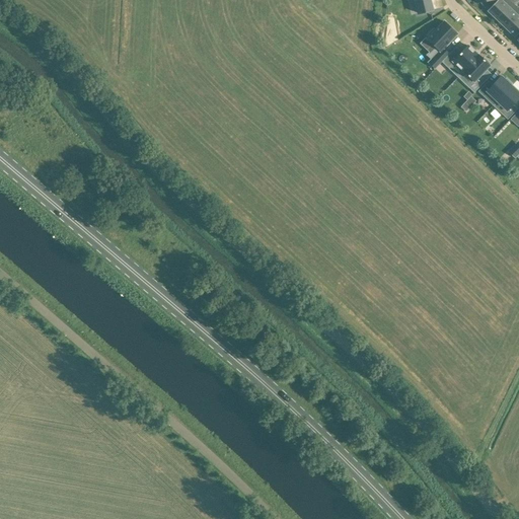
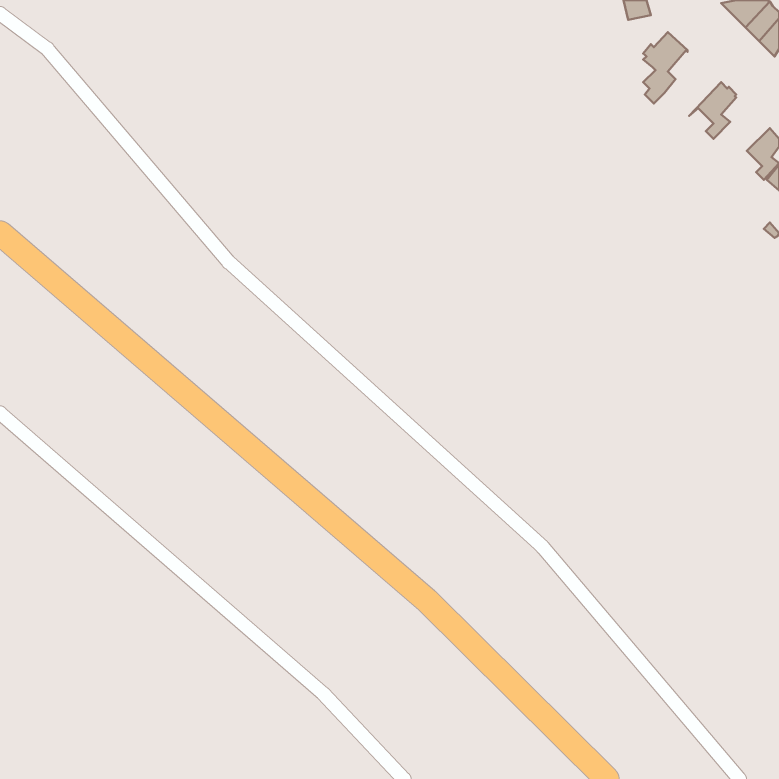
building: [442,46,479,77] -> none
building: [478,76,512,105] -> none

